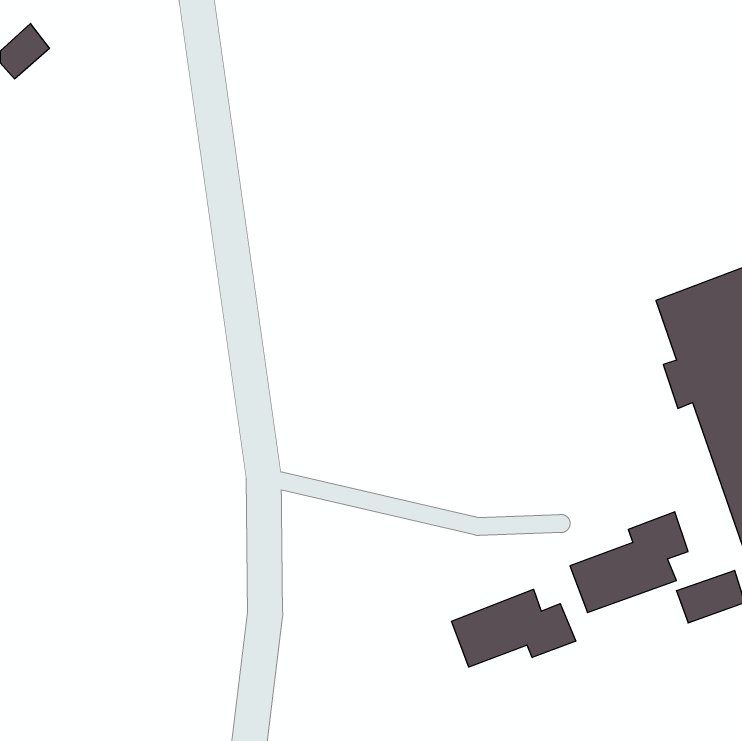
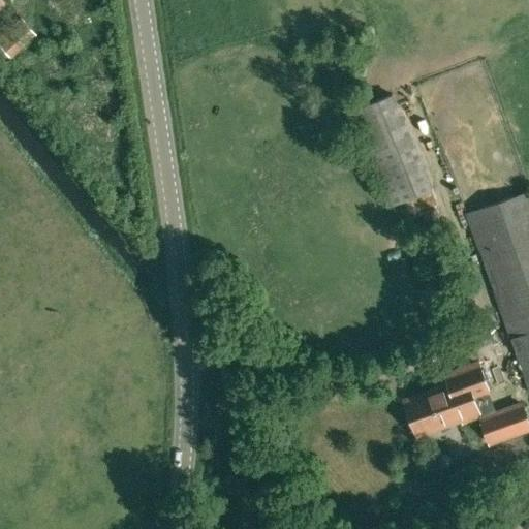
building: none -> [353,97,434,210]
building: [452,589,576,667] -> none

